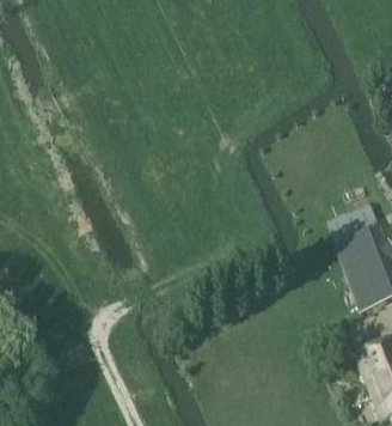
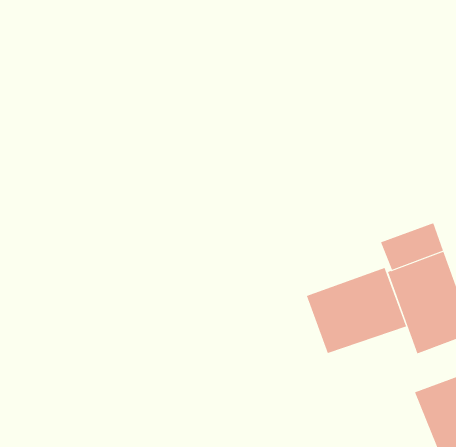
building: none -> [306,267,407,354]

